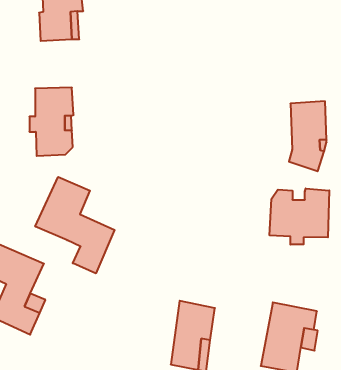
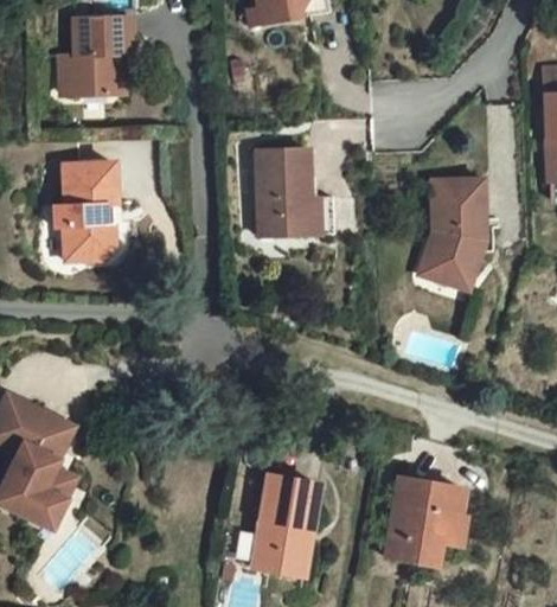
building: none -> [257,149,335,238]
building: [35,177,115,273] -> none
building: [270,188,329,245] -> none

